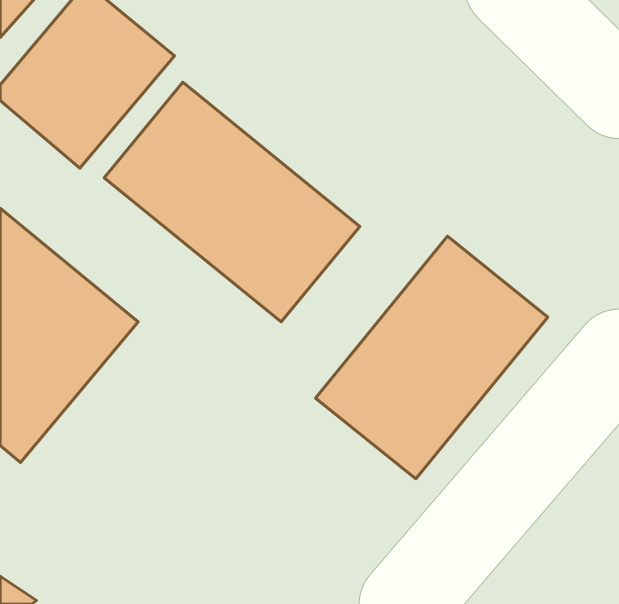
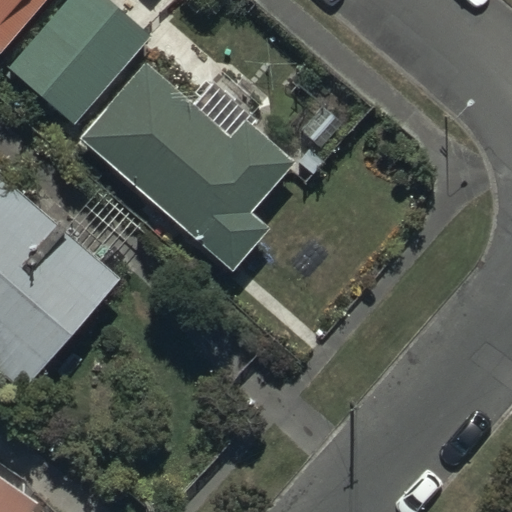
building: [316,236,548,479] -> none

